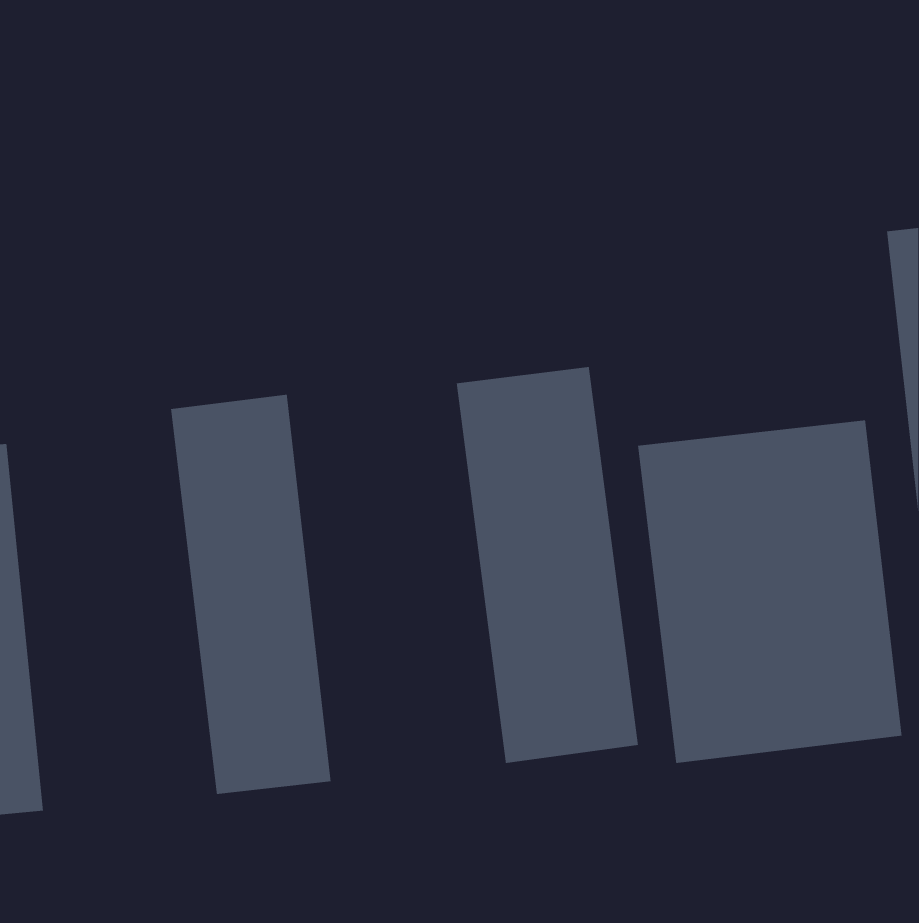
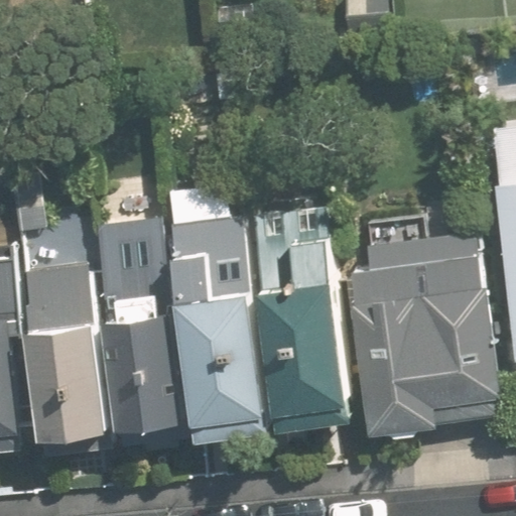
building: none -> [161,184,268,436]
building: none -> [20,264,105,454]

